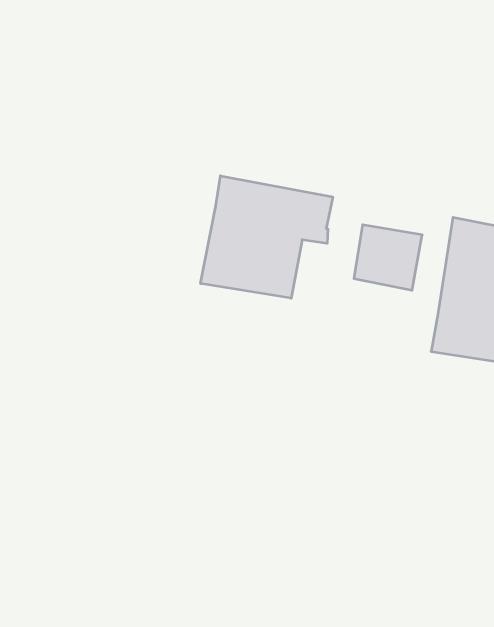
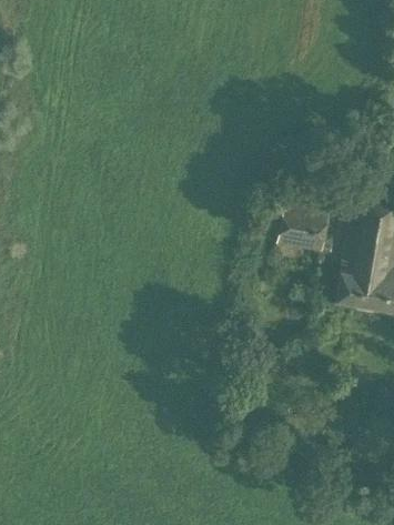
building: [201,176,333,298] -> none

